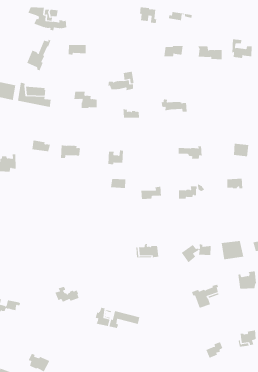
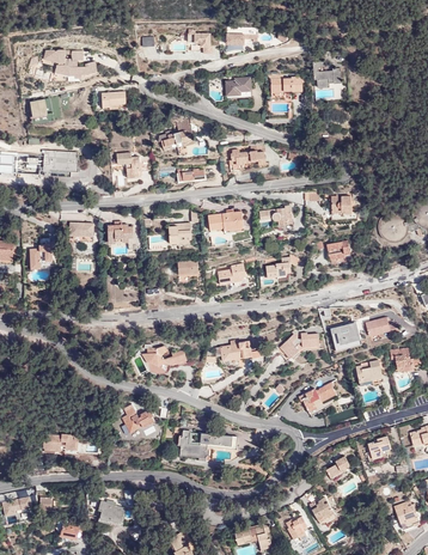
building: [26,39,51,71] -> none
building: none -> [207,212,243,231]
building: none -> [141,346,187,374]

